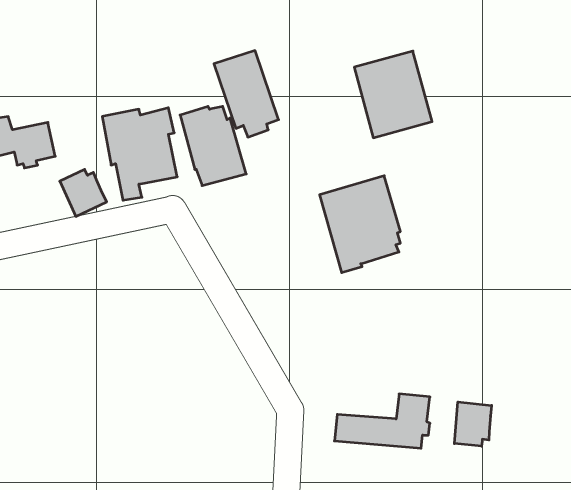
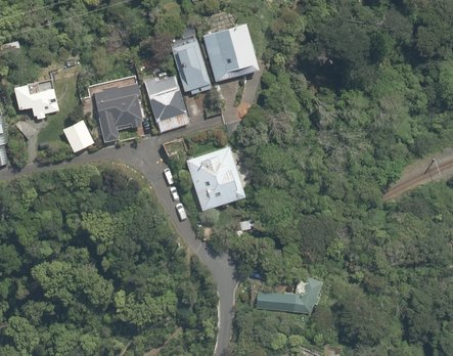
building: [354,51,432,138] -> [202,23,257,83]
building: [320,176,400,273] -> [185,145,241,213]
building: [454,402,492,446] -> none

